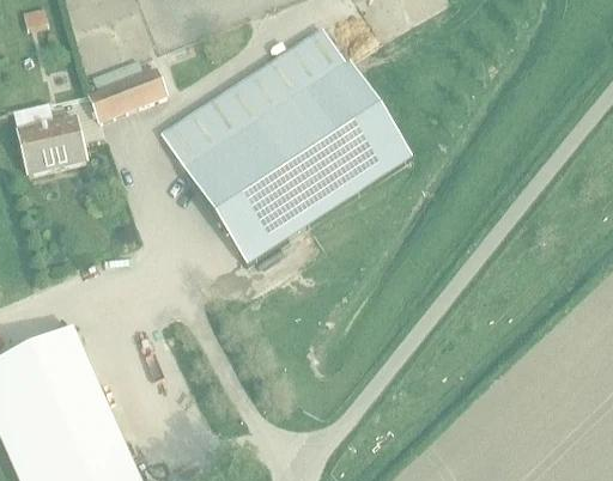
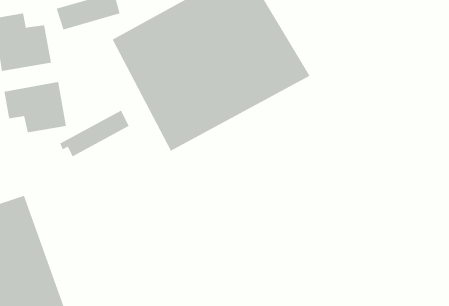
building: none -> [4,81,66,133]
building: none -> [60,110,129,157]

